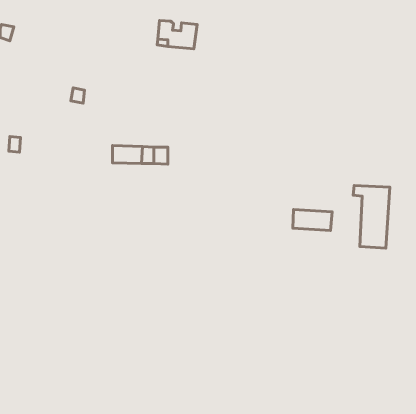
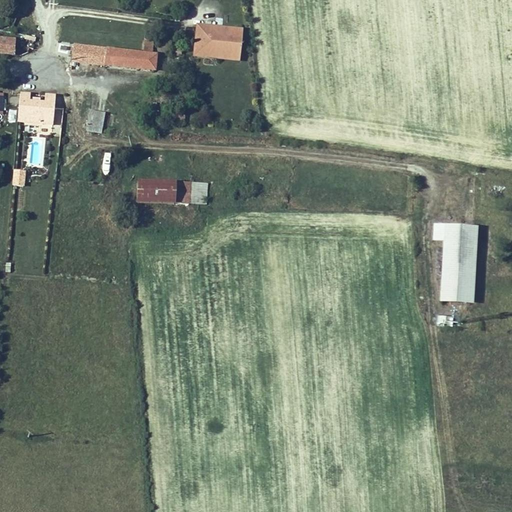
building: none -> [71,40,156,68]
building: none -> [18,92,54,123]
building: [293,209,332,230] -> none

